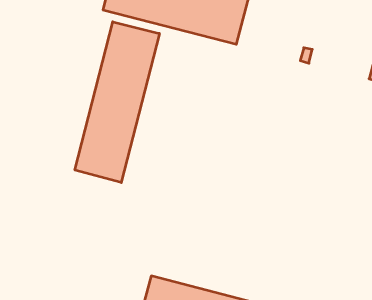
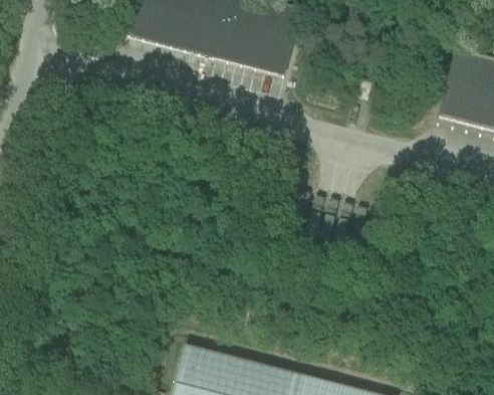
building: [75,22,159,183] -> none

